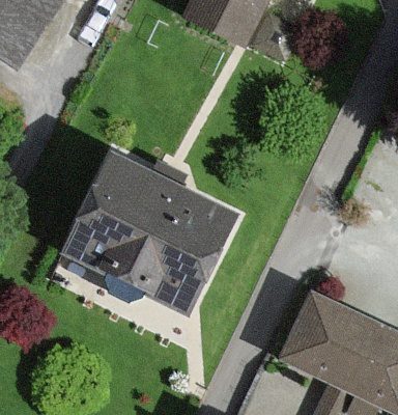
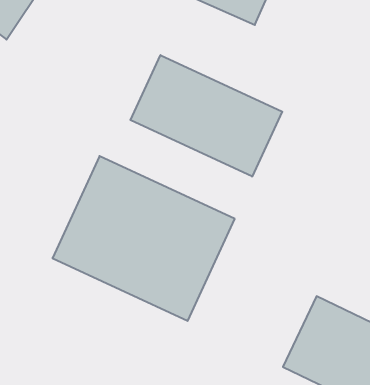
building: none -> [130,55,282,177]

